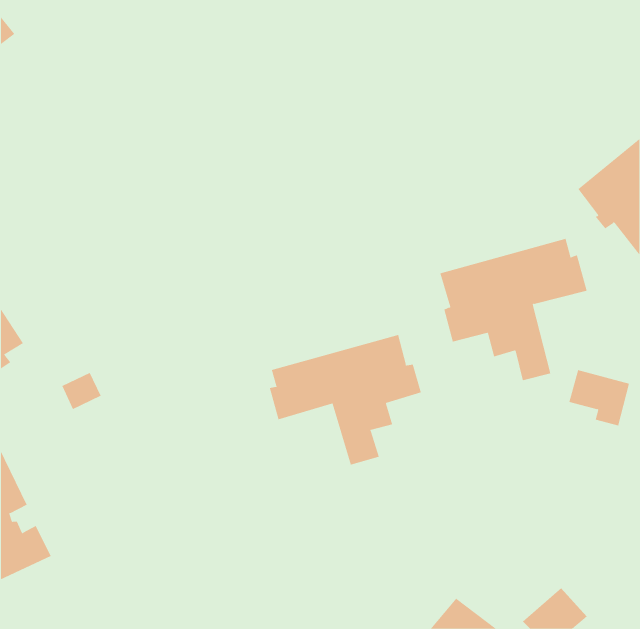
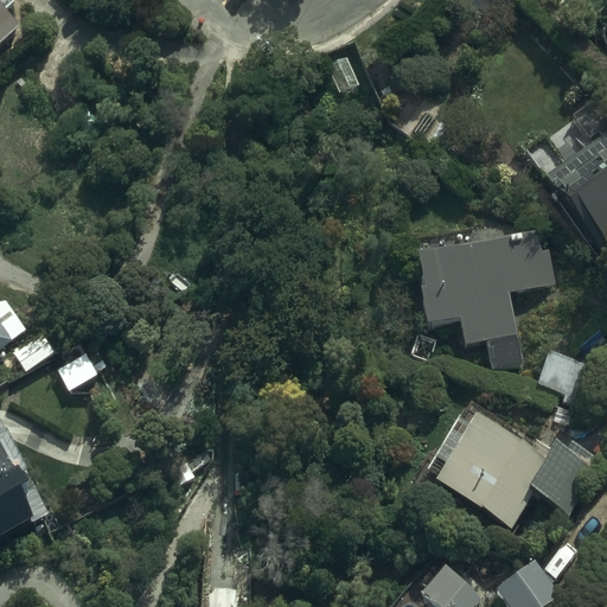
building: [269,334,421,465] -> none
building: none -> [411,415,594,531]

